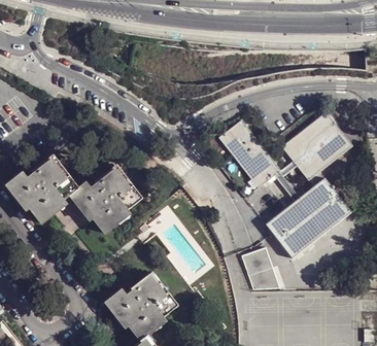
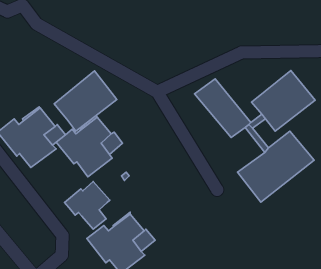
building: none -> [54,71,117,131]
building: none -> [64,181,110,229]
building: [242,252,277,292] -> none

